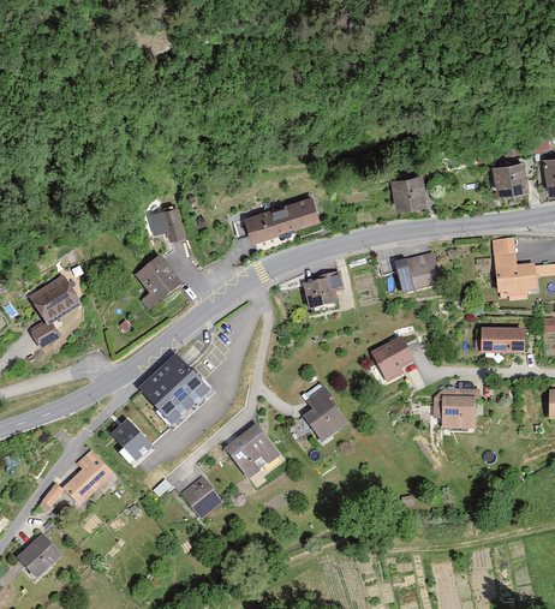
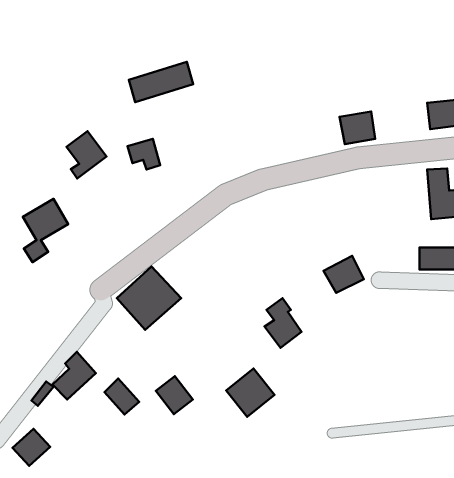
building: [244,196,317,241] -> [129,62,193,102]
building: [394,251,440,289] -> none
building: [136,256,181,310] -> [67,131,107,179]
building: [304,274,342,306] -> none
building: [435,398,476,428] -> none
building: [111,417,150,458] -> [104,379,139,414]
building: [223,424,279,479] -> [226,368,275,417]

